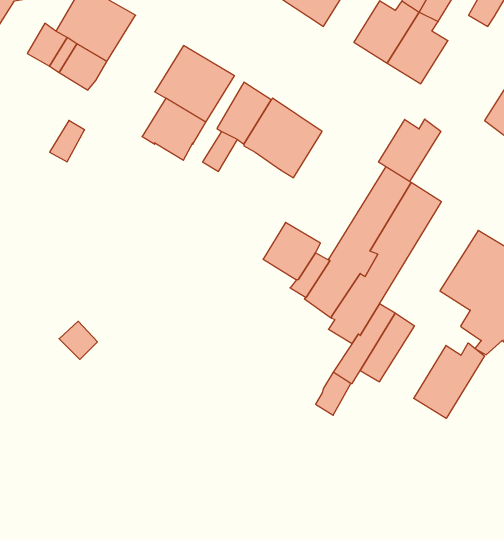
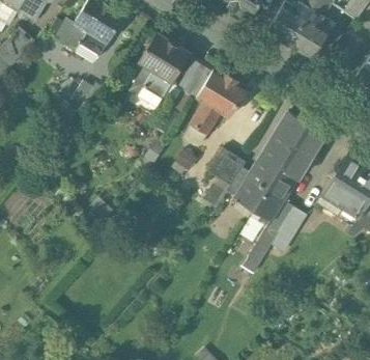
building: [378,119,441,182] -> none
building: none -> [189,102,220,135]
building: [414,343,484,418] -> none

